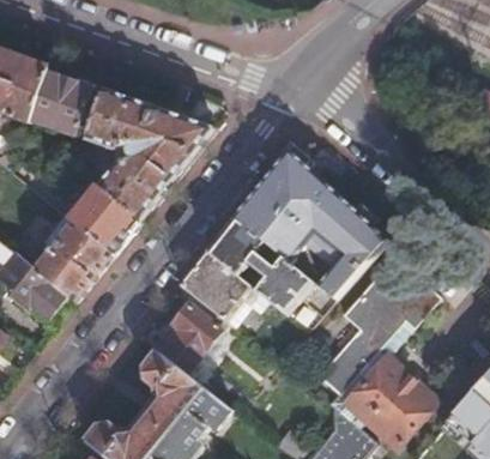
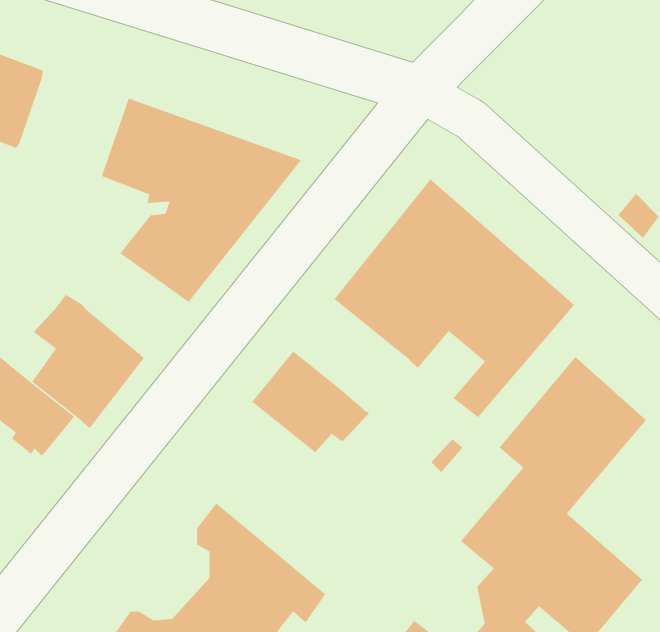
building: [30,76,91,133] -> none
building: [69,185,140,258] -> none
building: [208,219,310,315] -> none
building: [158,306,220,375] -> none

